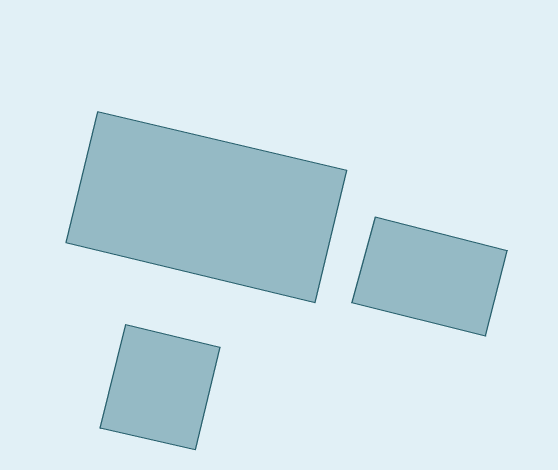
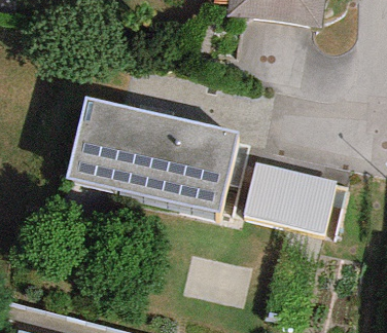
building: [100,325,220,450] -> none

